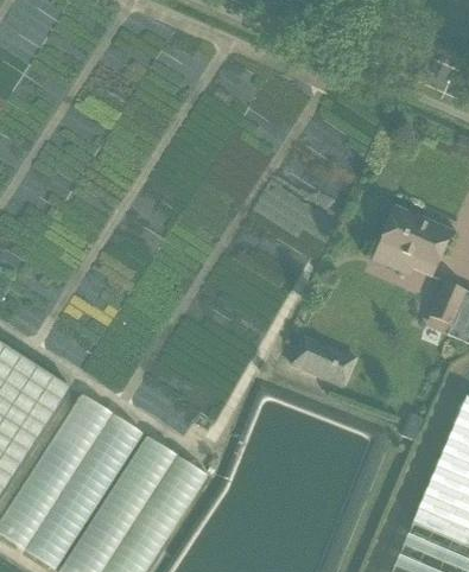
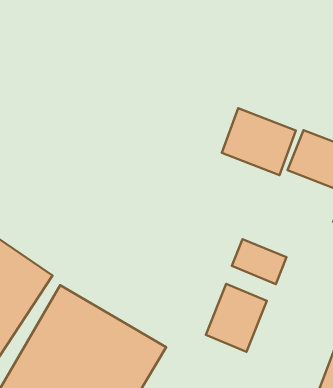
building: none -> [222,108,296,175]
building: none -> [206,284,267,352]

